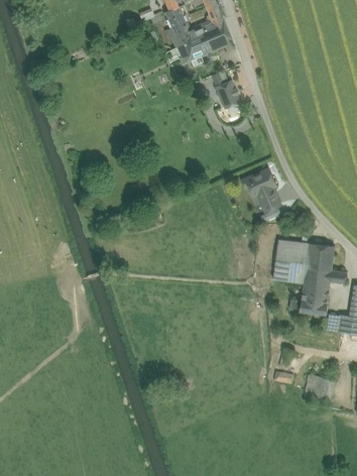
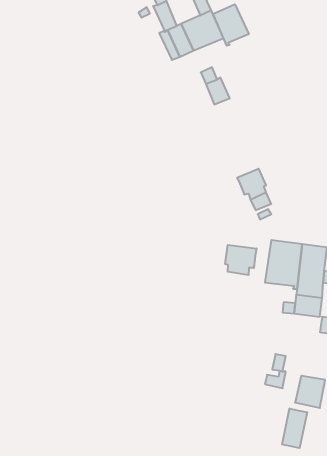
building: none -> [213,4,249,46]
building: none -> [225,245,257,275]
building: none -> [282,408,307,448]

